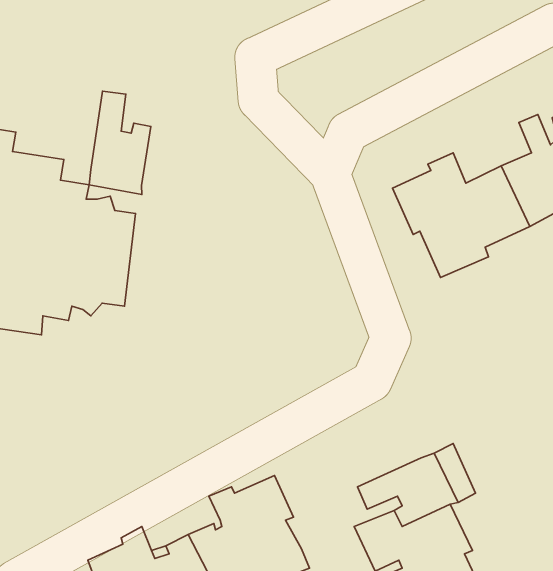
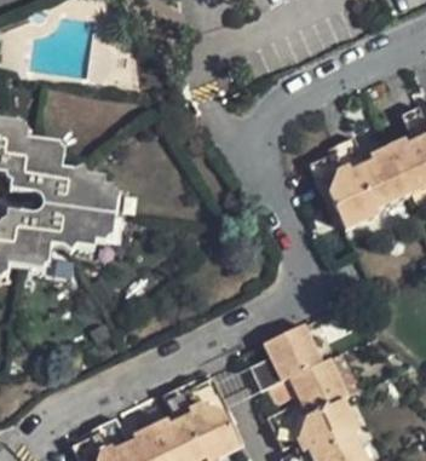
building: [89,91,151,195] -> none
building: none -> [263,328,326,391]

